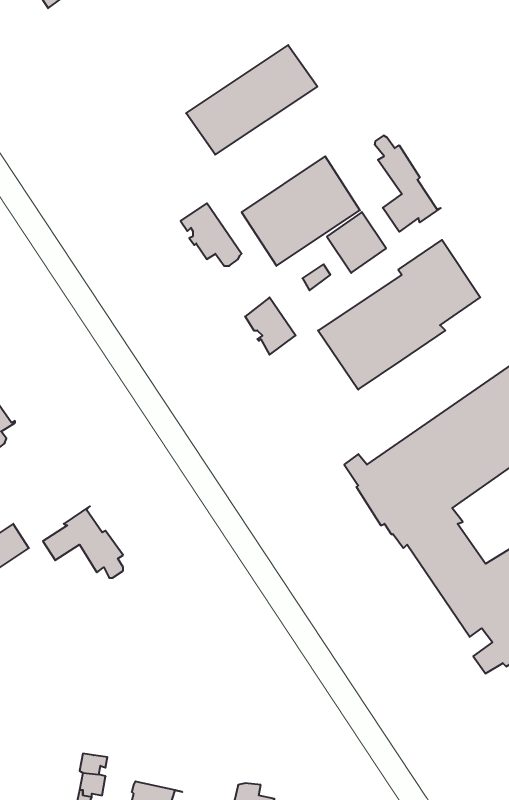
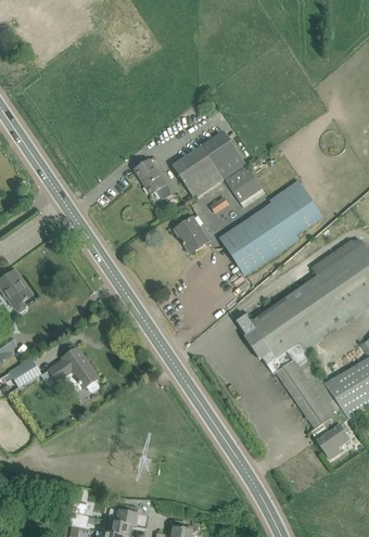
building: [186,45,317,155] -> none
building: [375,135,441,232] -> none
building: none -> [109,503,139,524]

